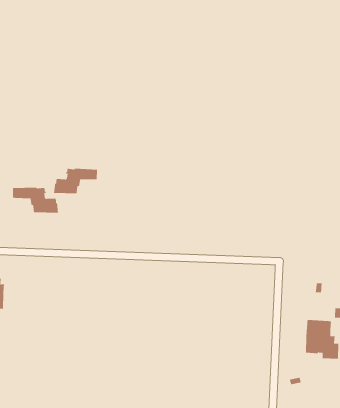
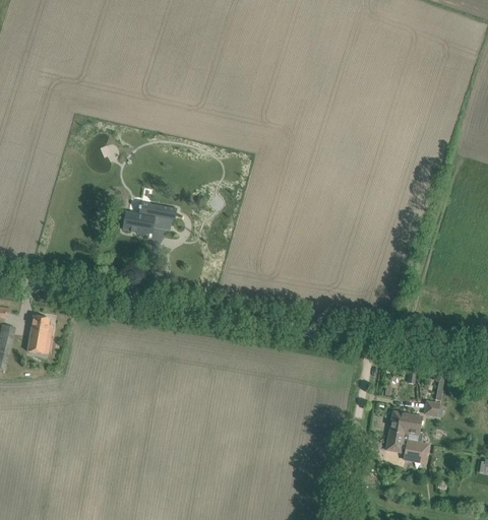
building: [12,187,59,213] -> none

